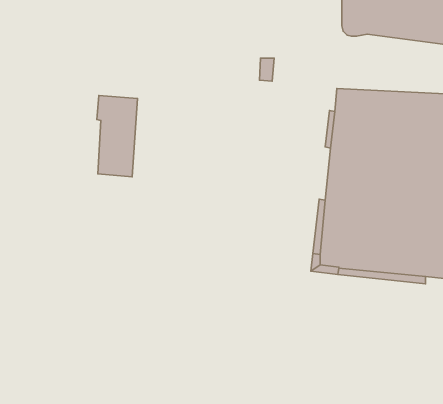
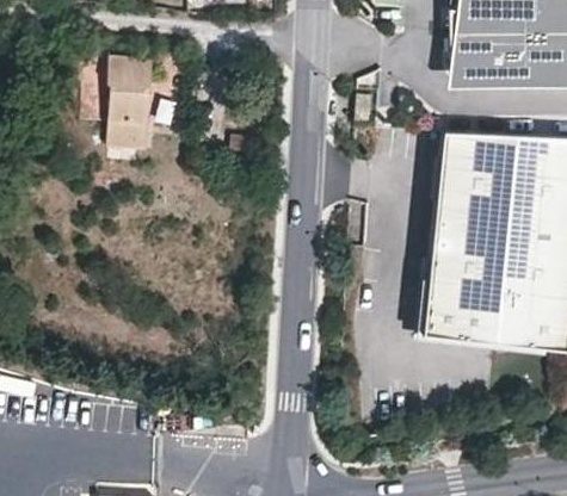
building: [97,95,137,177] -> [106,60,153,153]

